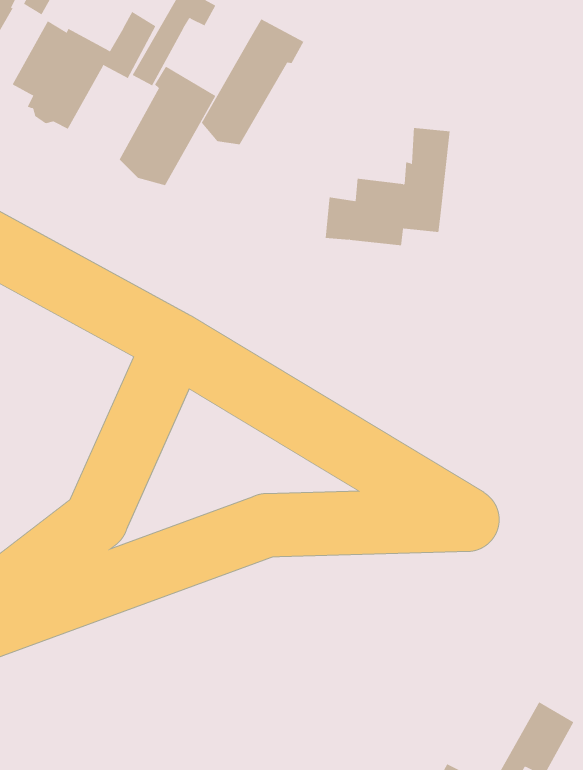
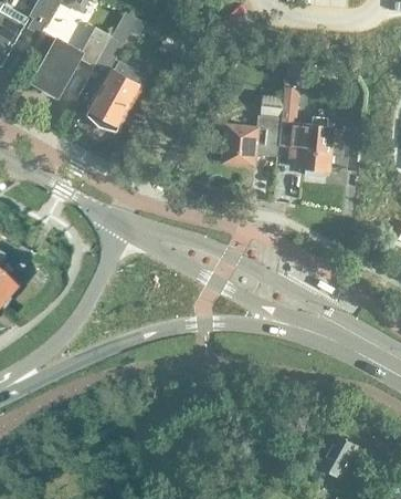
building: [201,19,304,145] -> none
building: none -> [277,87,333,173]

